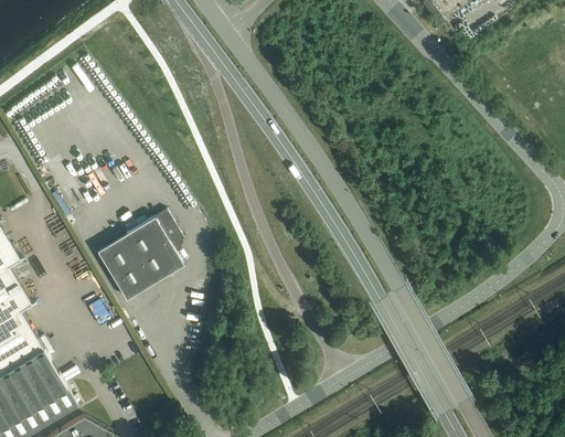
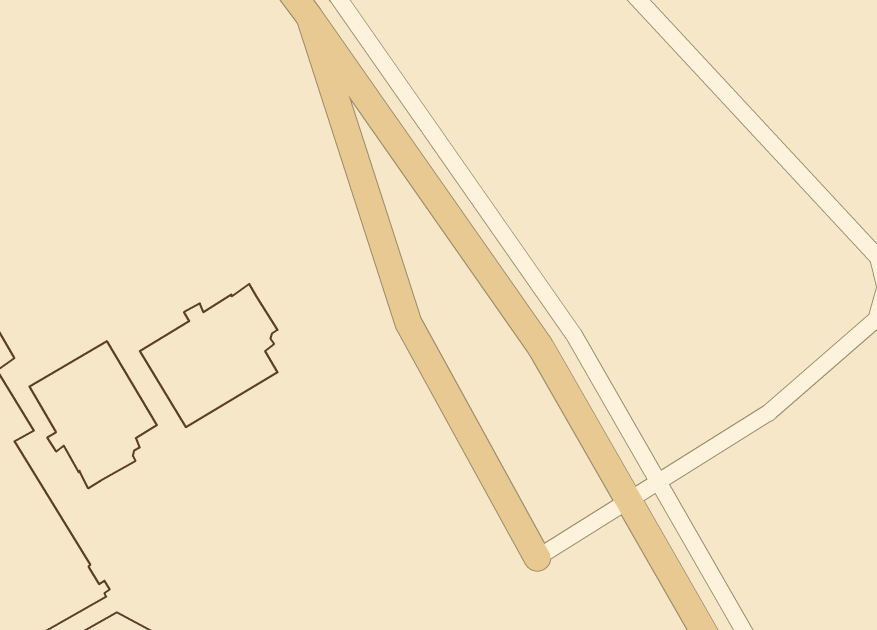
building: none -> [29,341,157,488]

